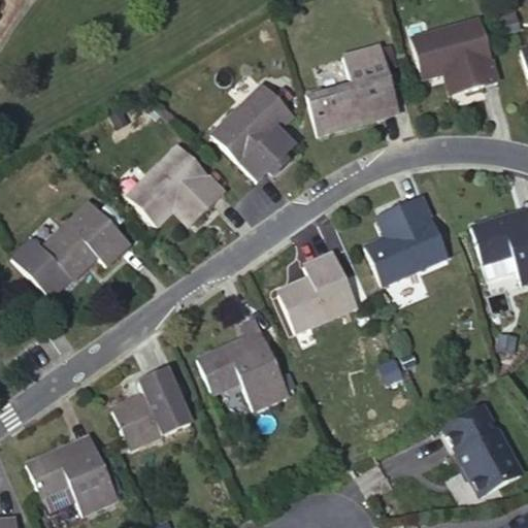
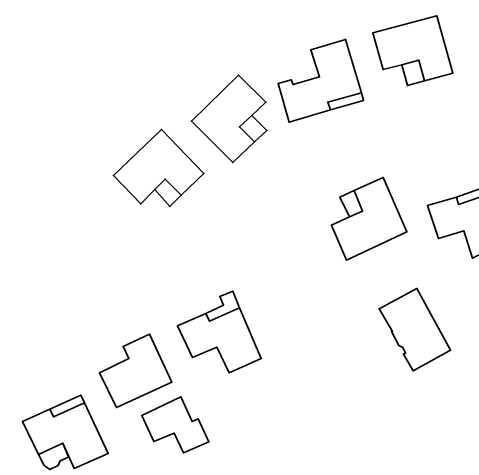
building: [11,199,130,296] -> none
building: [277,252,357,332] -> none
building: [444,404,523,495] -> [379,288,451,371]
building: none -> [142,397,209,453]

